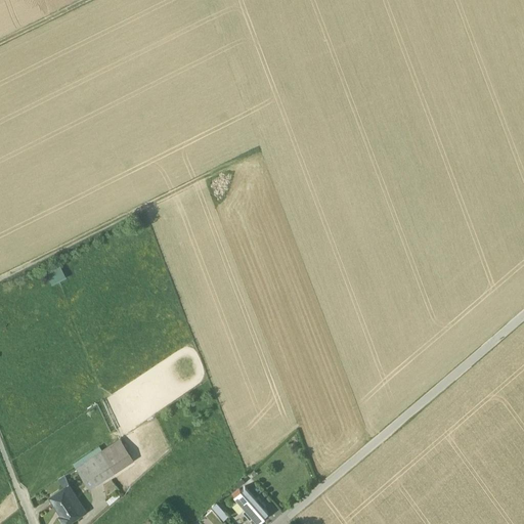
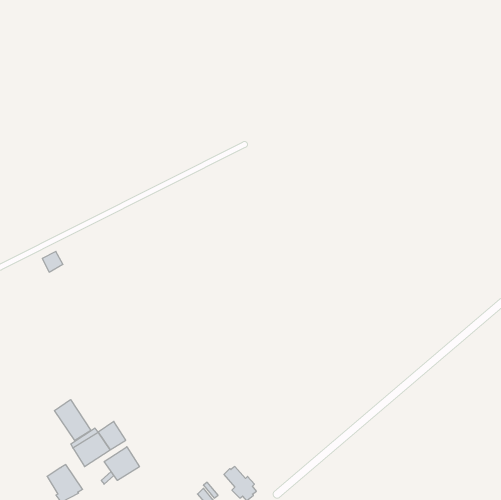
building: none -> [54,400,91,441]
building: none -> [104,447,139,480]

